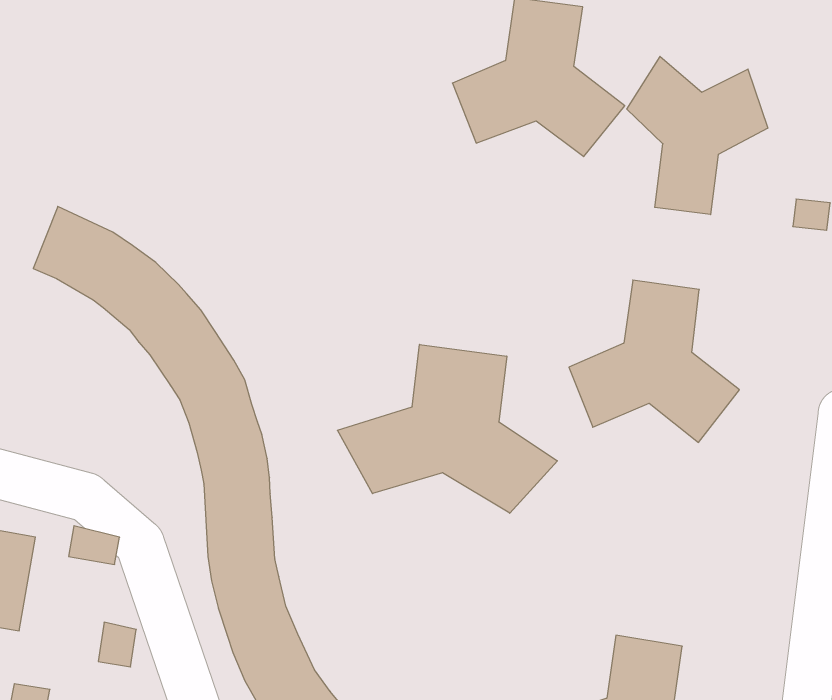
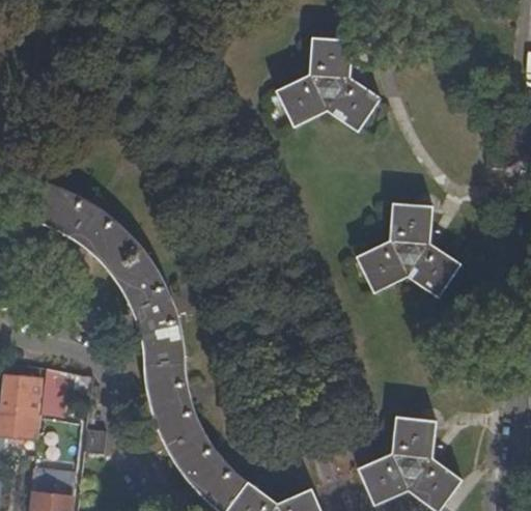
building: [627,56,768,215] -> none
building: [337,344,557,513] -> none

